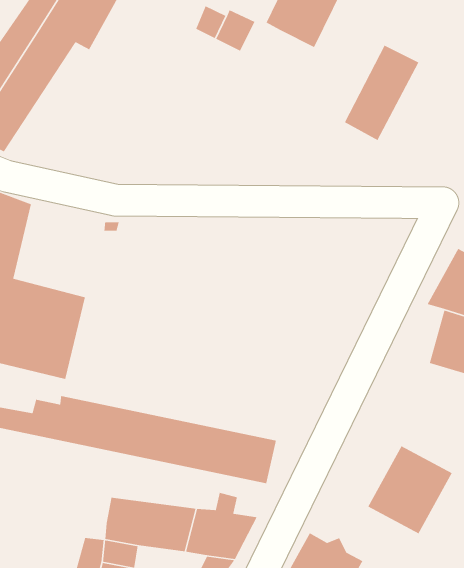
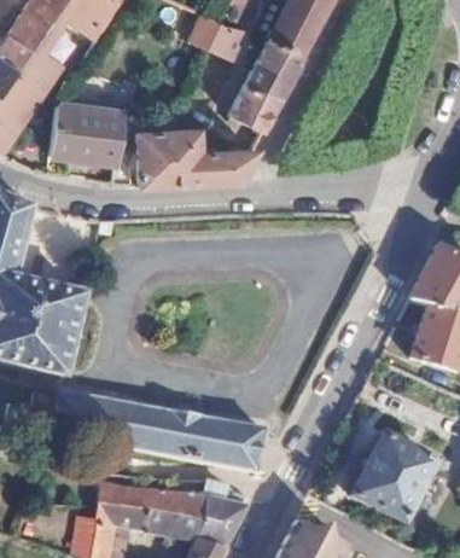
building: [344,44,419,141] -> [231,36,303,129]
building: none -> [50,104,122,161]
building: none -> [139,126,252,182]

